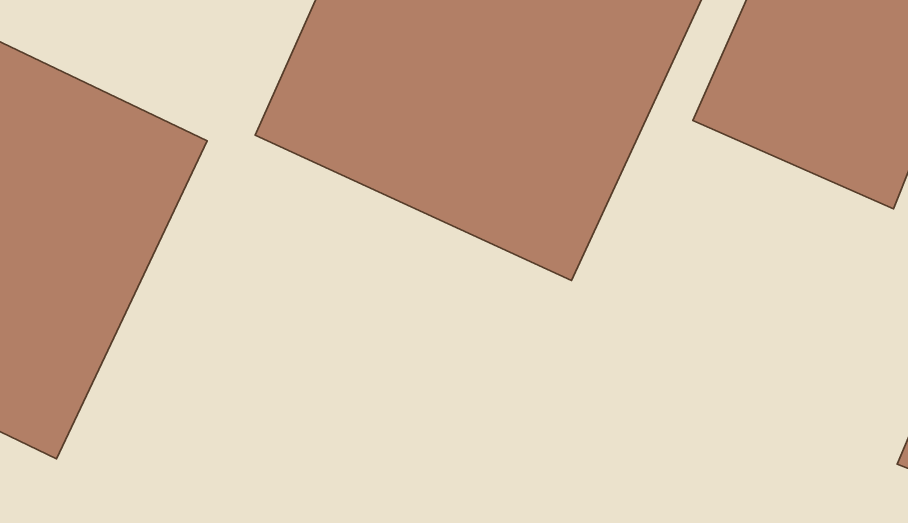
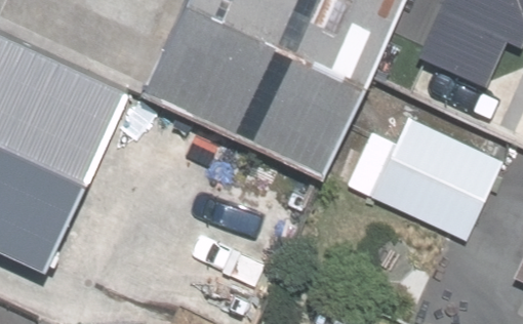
building: none -> [345,117,502,241]

